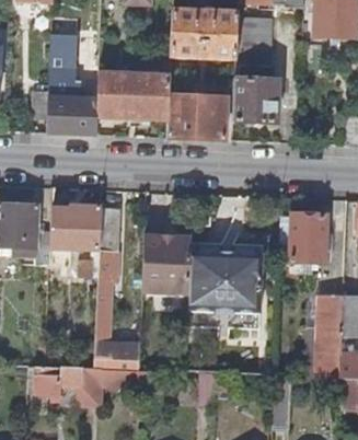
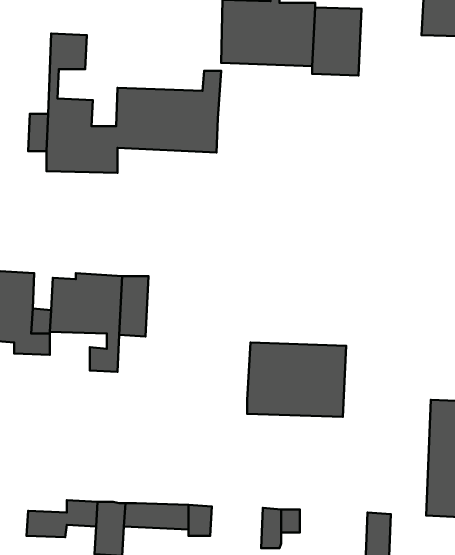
building: [234,79,278,124] -> none
building: [168,96,227,140] -> none
building: [290,215,328,263] -> none
building: [141,235,192,296] -> none
building: [94,290,139,369] -> none

